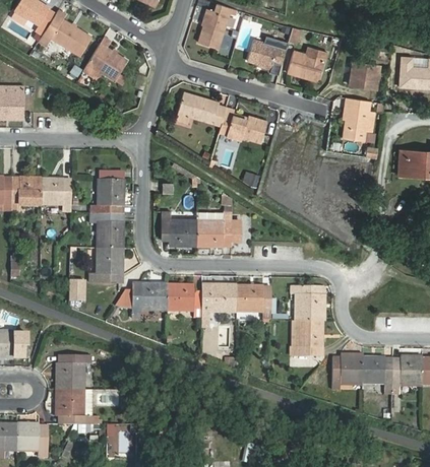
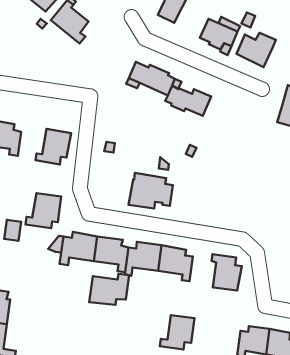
building: [161,212,196,247] -> none
building: [90,213,123,248] -> none
building: none -> [89,274,129,305]
building: [290,321,322,355] -> [160,315,194,350]

